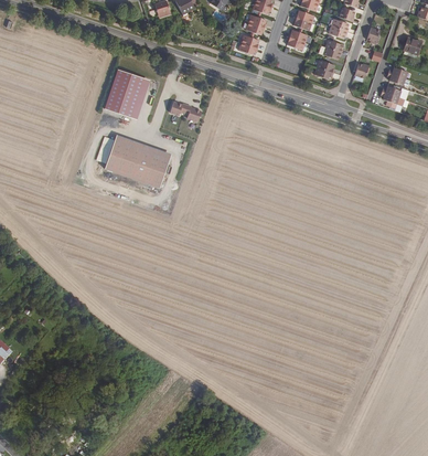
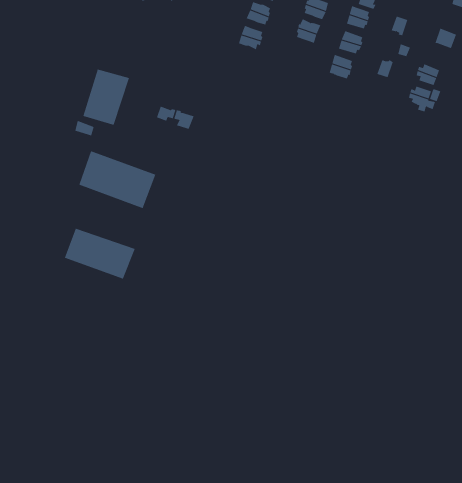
building: none -> [64,228,136,280]

